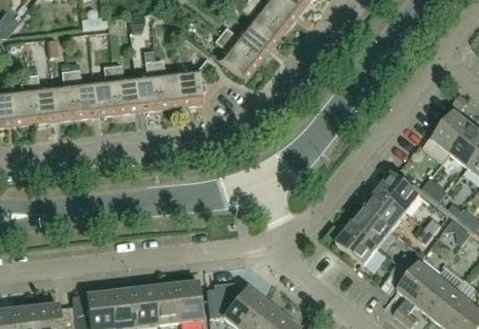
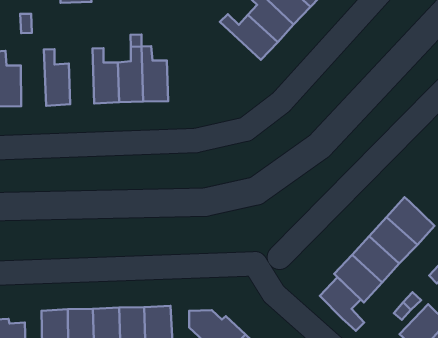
building: [215,35,259,82] -> none
building: [177,60,213,107] -> none
building: [93,67,117,116] -> none
building: [52,71,76,121] -> none
building: none -> [320,277,364,331]

